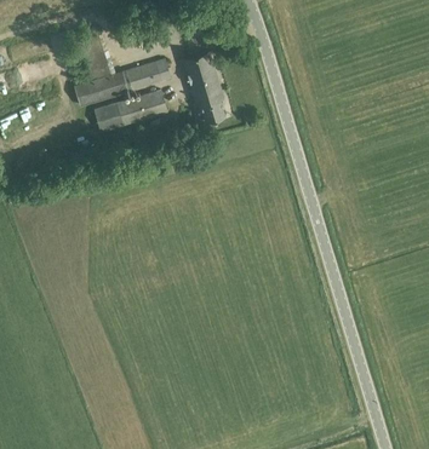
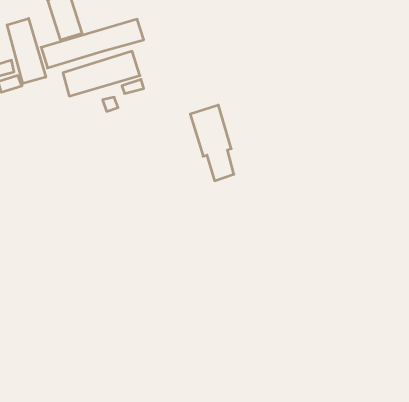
building: [183,51,224,122] -> [190,105,234,181]
building: none -> [7,18,46,84]

